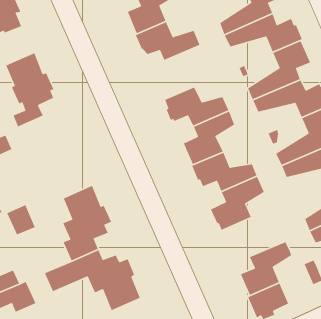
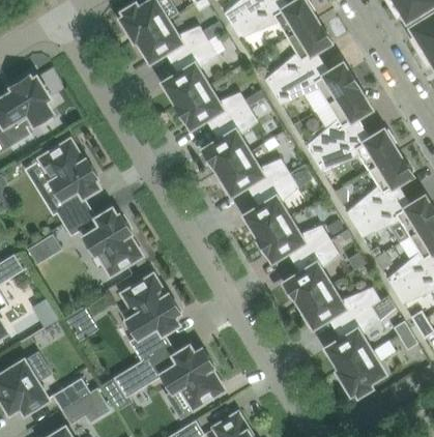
building: none -> [203,107,258,171]
building: none -> [63,207,141,273]
building: none -> [299,285,380,328]

